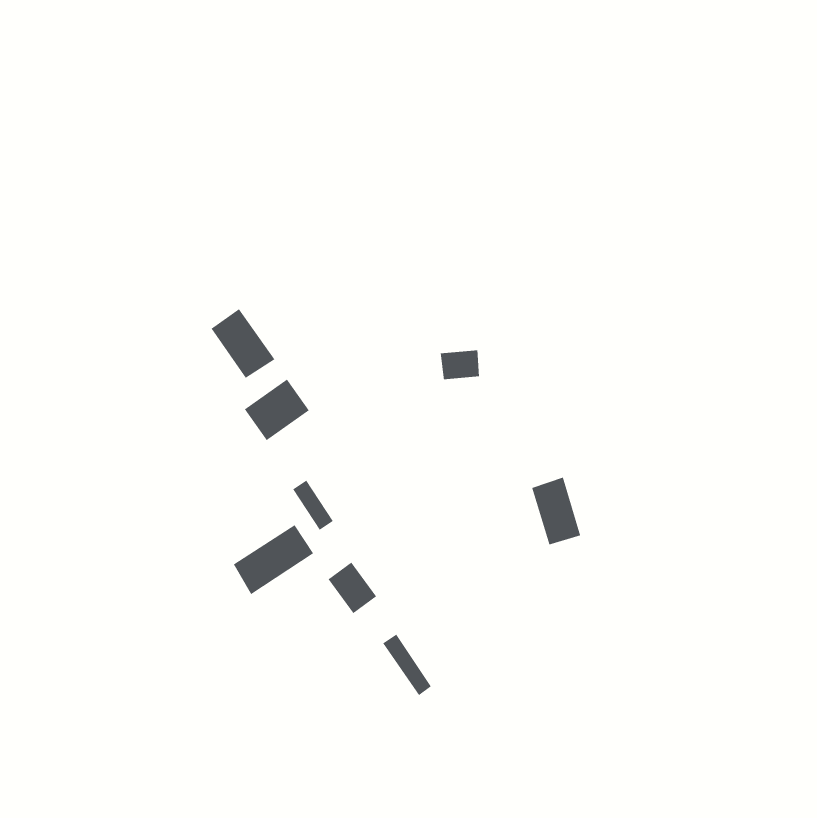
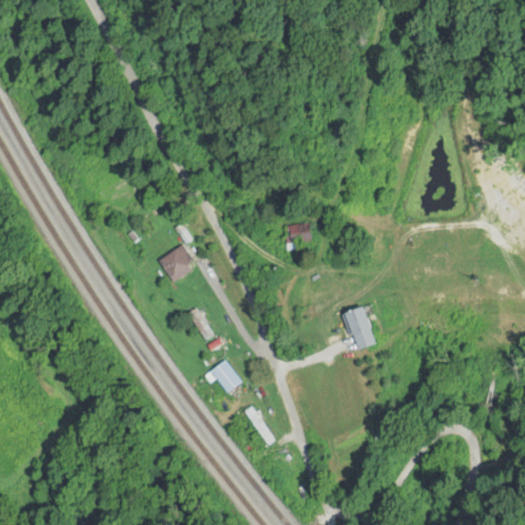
building: [211,308,276,379] -> none
building: [233,524,314,595] -> none

